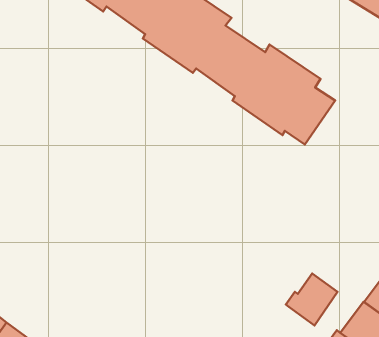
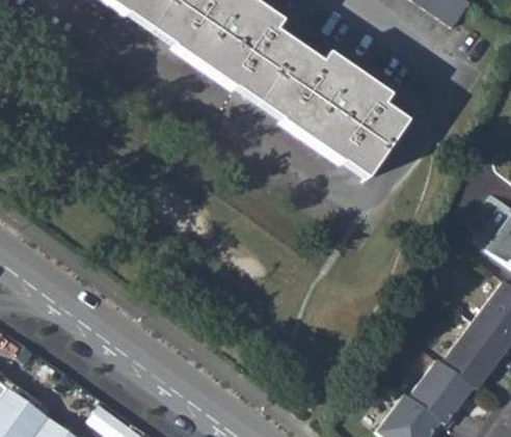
building: [286,274,338,326] -> none

